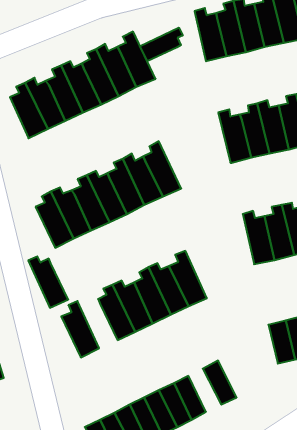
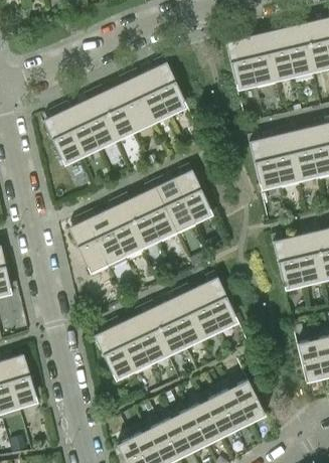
building: [140,28,183,61] -> none
building: [28,256,68,308] -> [110,321,149,371]
building: none -> [218,392,251,434]

